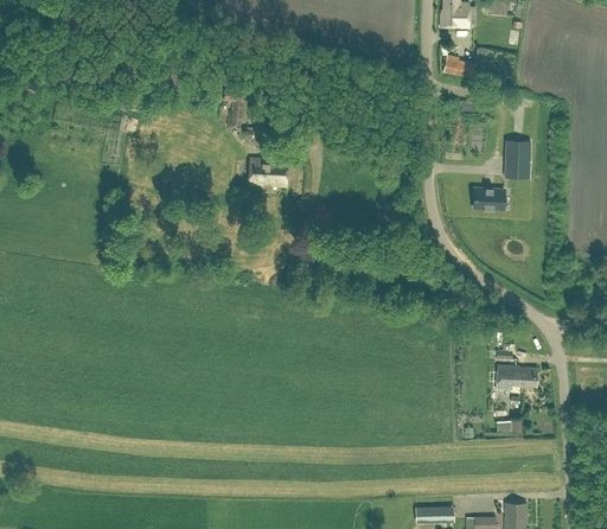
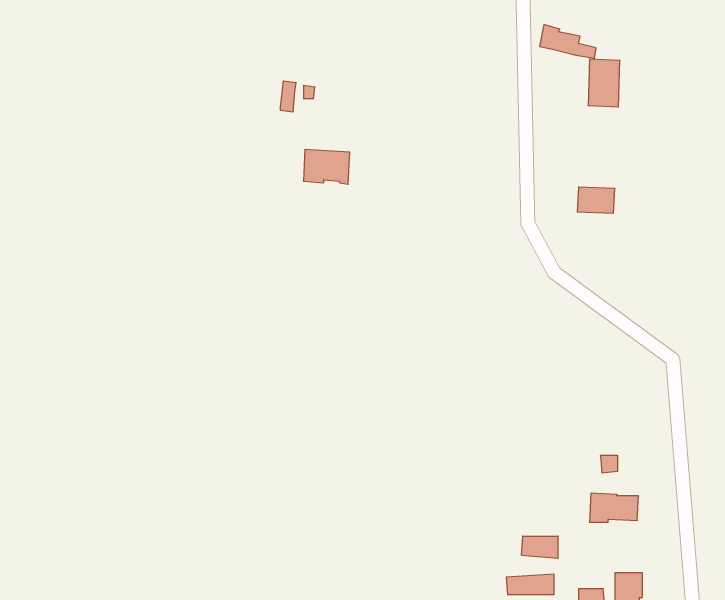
building: [504,140,530,179] -> [588,59,620,107]
building: [496,365,536,389] -> [589,493,639,522]
building: none -> [522,536,558,559]

